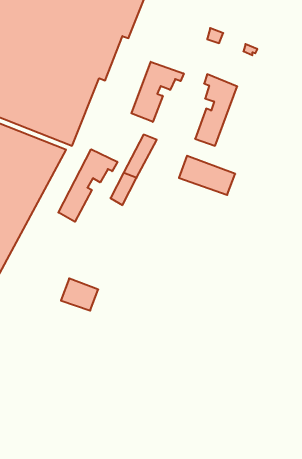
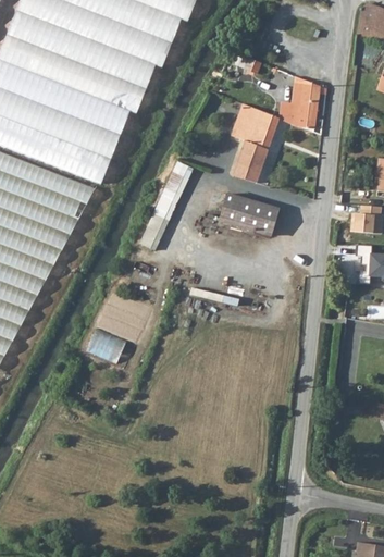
building: none -> [281,81,324,129]
building: [131,62,184,122] -> none
building: [58,149,117,222] -> none

